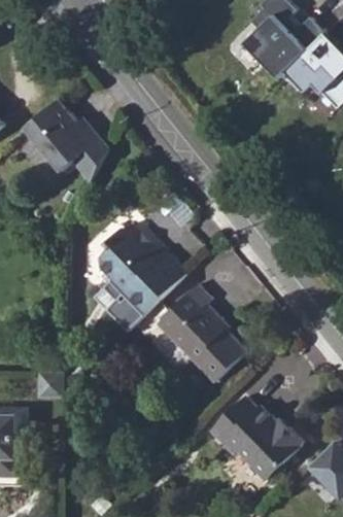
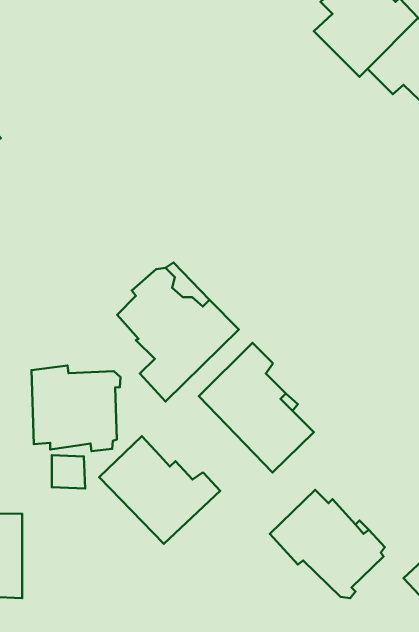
building: [24,101,107,183] -> none
building: none -> [31,365,121,451]
building: none -> [99,436,220,544]

